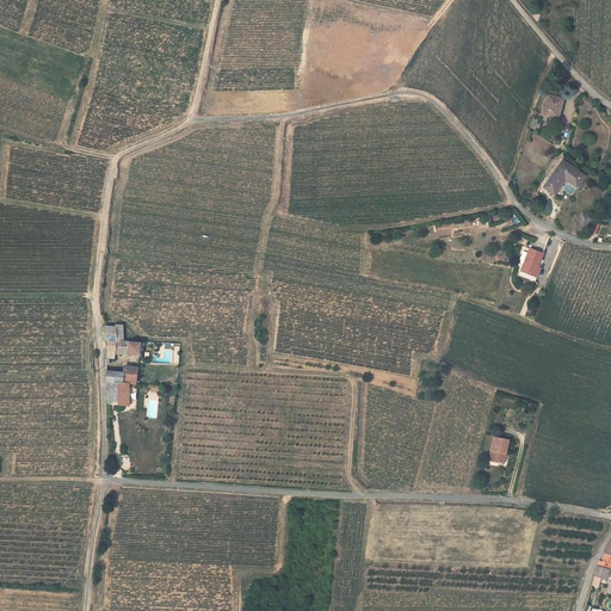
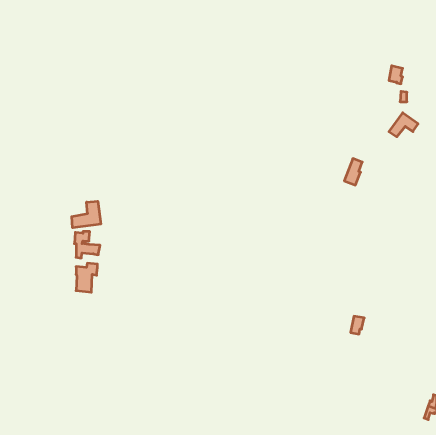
building: [518,246,543,283] -> [344,159,362,185]
building: none -> [72,201,101,228]

